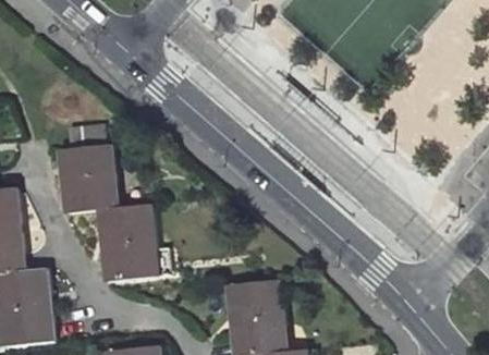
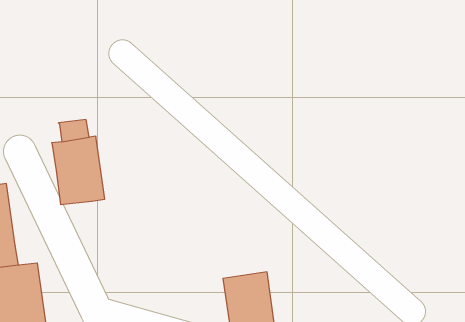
building: [98,203,154,281] -> none

